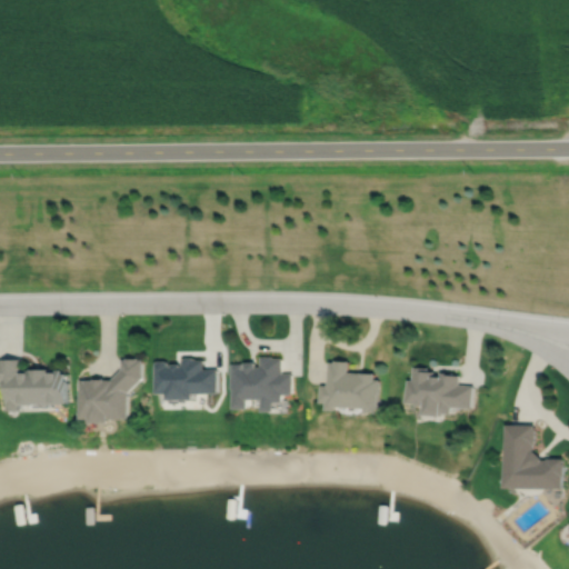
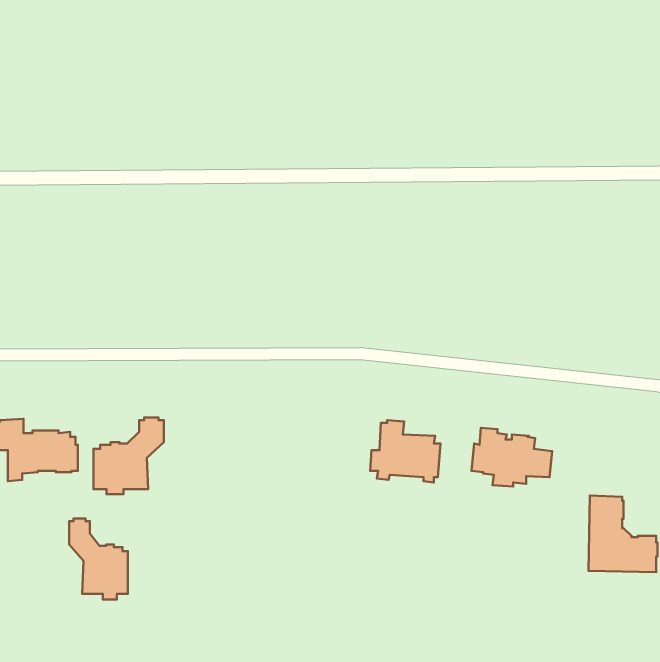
building: [228,358,289,413] -> none
building: [152,359,216,401] -> none
building: none -> [69,518,128,599]

